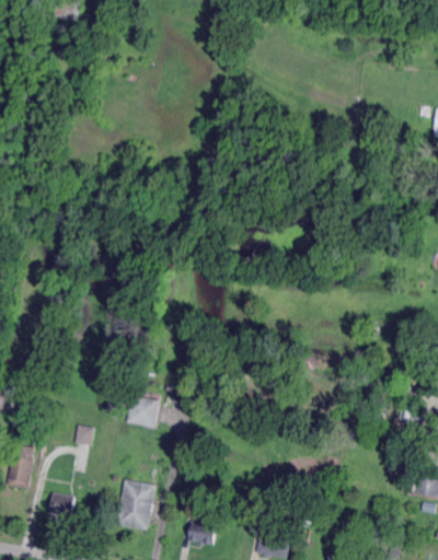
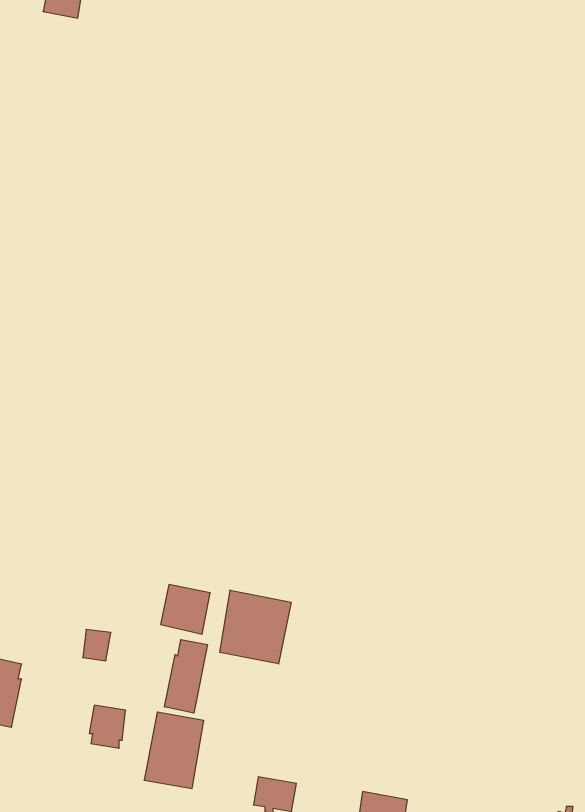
building: none -> [220,590,291,664]
building: none -> [164,640,208,713]
building: [48,494,72,523] -> [89,705,126,748]

